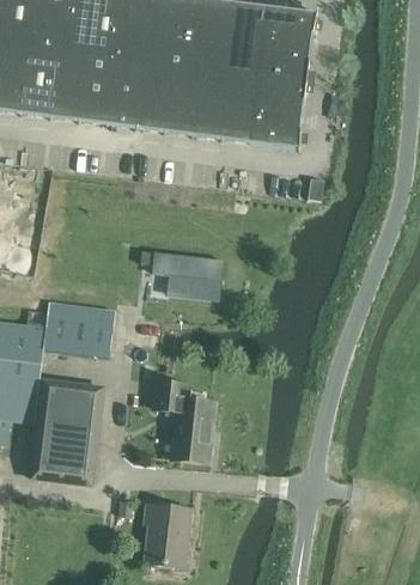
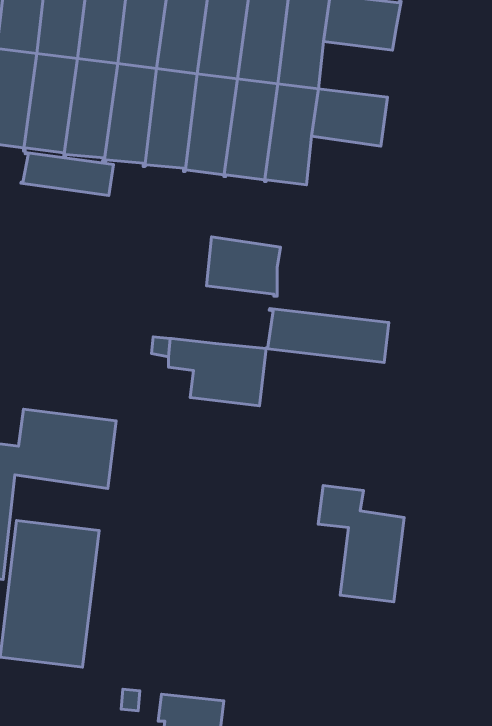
building: [257,39,310,79] -> none
building: [249,106,302,148] -> [206,237,281,296]
building: none -> [21,153,113,195]
building: none -> [265,308,389,362]
building: [154,379,215,462] -> [318,485,404,602]

